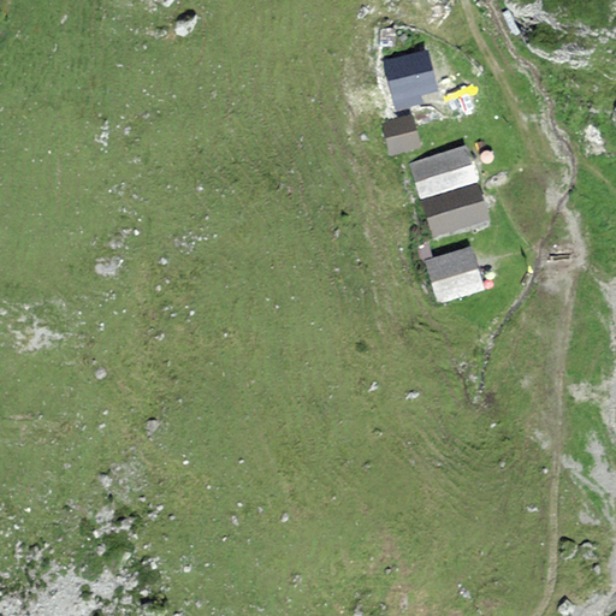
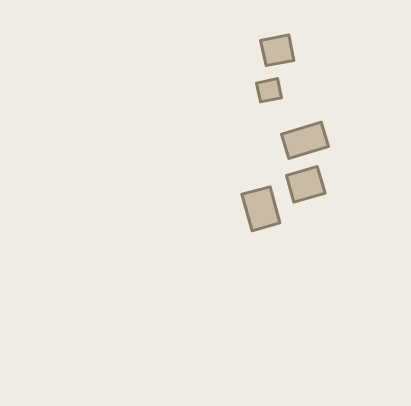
building: [405,144,475,195] -> none
building: none -> [242,187,280,231]

